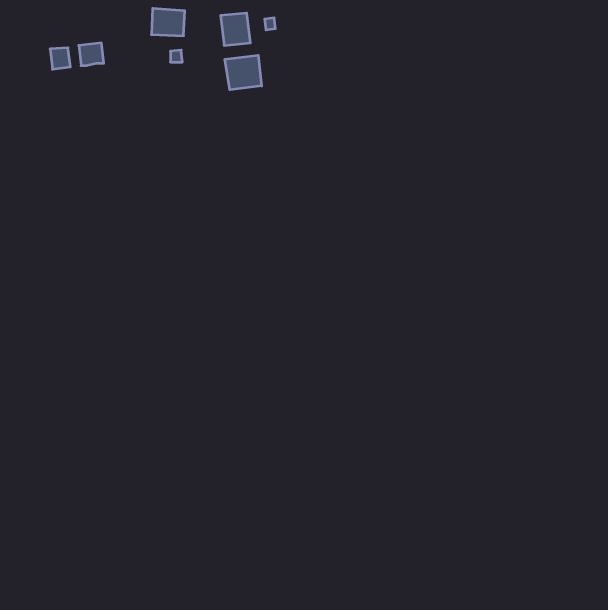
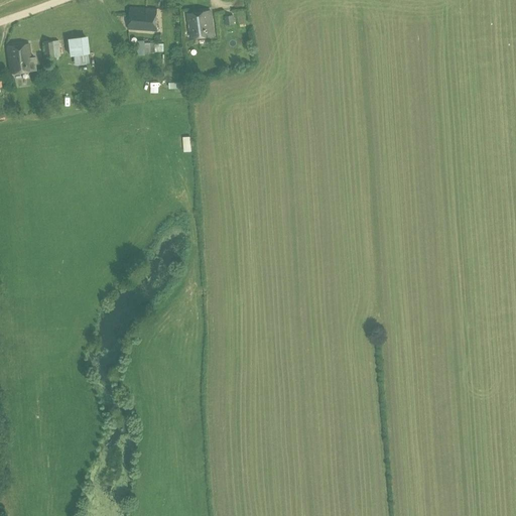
building: none -> [6,43,35,73]
building: [225,55,262,90] -> none

